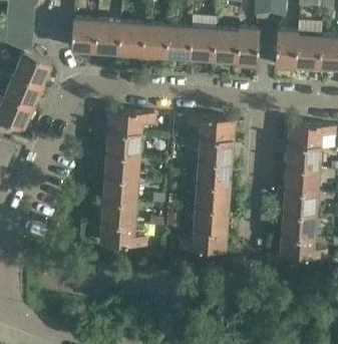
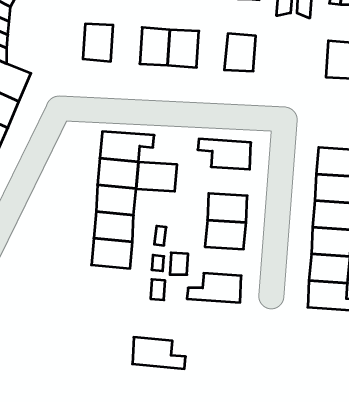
building: [70,20,96,51] -> none
building: [117,23,143,55] -> none
building: [189,28,215,60] -> none
building: [236,29,259,66] -> none
building: [274,32,298,68] -> none
building: [199,140,233,164] -> [136,162,177,191]
building: [195,207,228,231] -> none
building: [100,222,144,248] -> [132,337,186,369]

